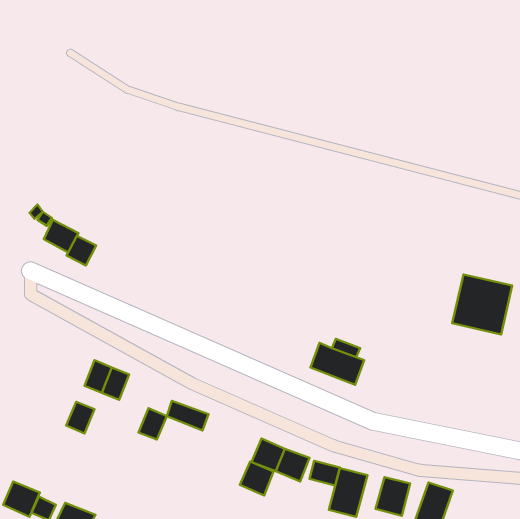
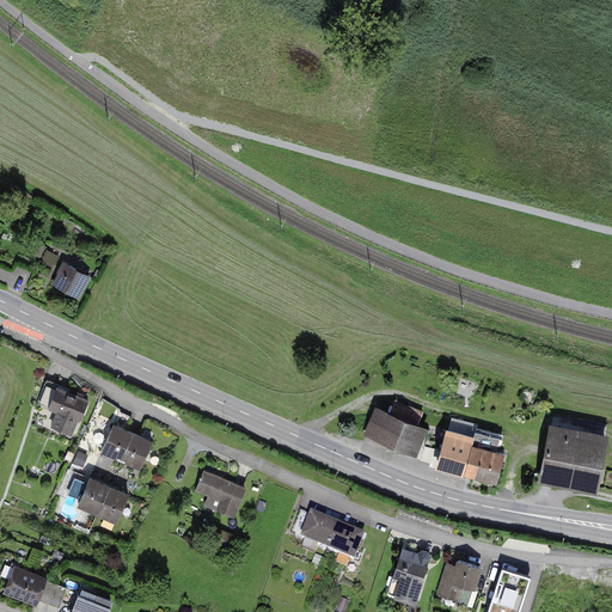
building: [67,236,96,265] -> none
building: [452,274,512,334] -> [533,426,604,496]
building: none -> [41,391,86,437]
building: none -> [437,416,507,482]
building: [138,408,167,440] -> [99,482,133,519]
building: [310,461,340,486] -> none
building: [240,461,273,495] -> none

